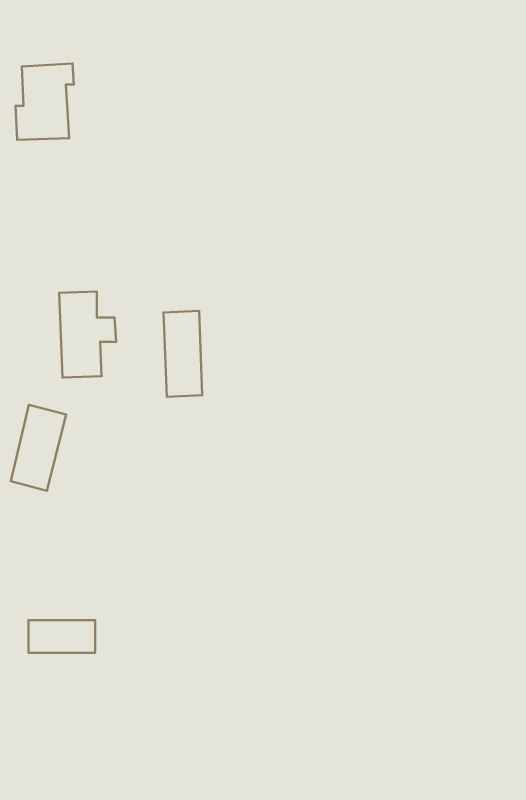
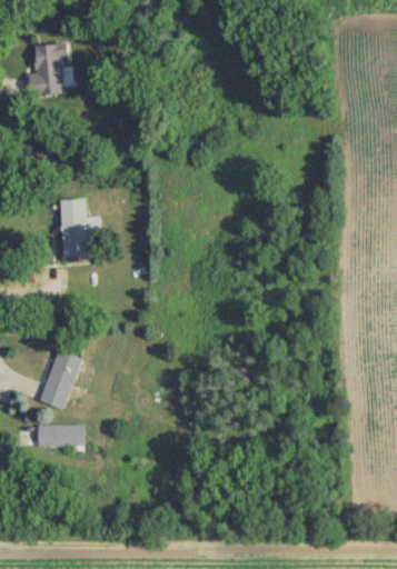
building: [163,311,202,397] -> none
building: [11,405,66,491] -> [41,349,79,408]

